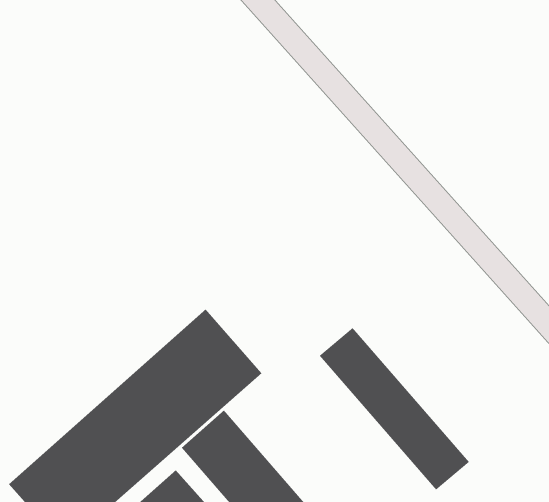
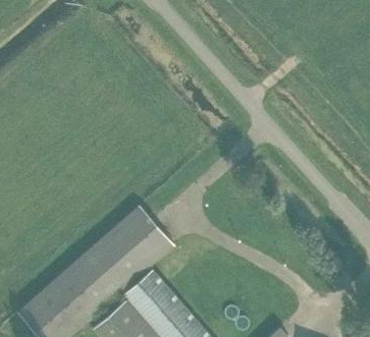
building: [319,327,470,491] -> none

